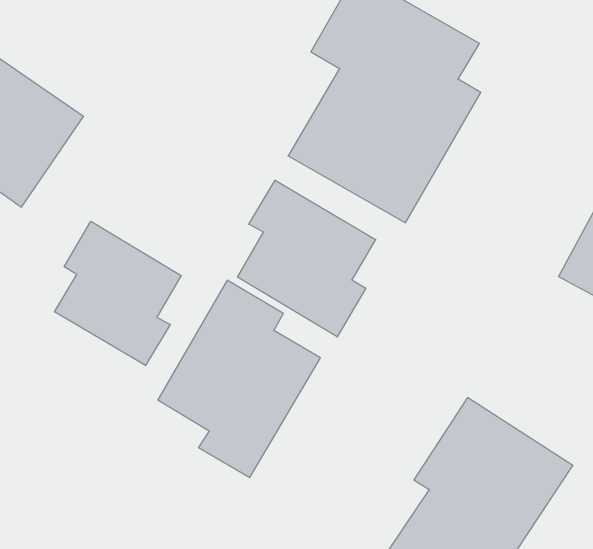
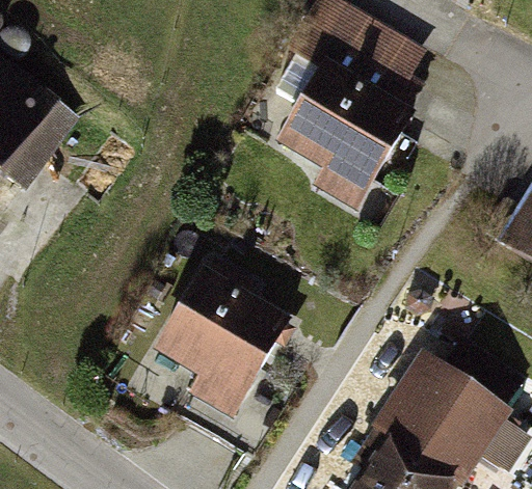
building: [238,180,376,337] -> none
building: [55,221,181,366] -> none

